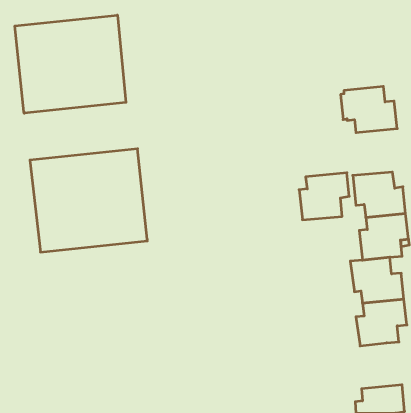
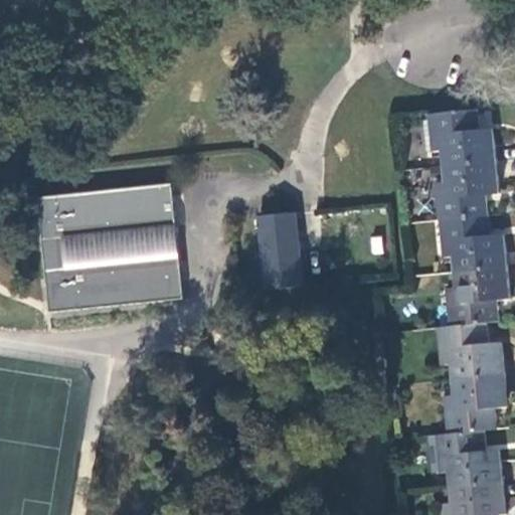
building: [15,15,126,113] -> none
building: none -> [260,211,304,289]
building: [299,173,349,220] -> [435,160,497,218]
building: none -> [422,426,500,484]

